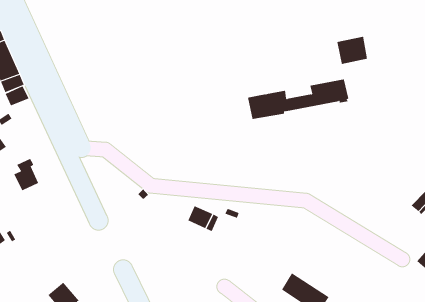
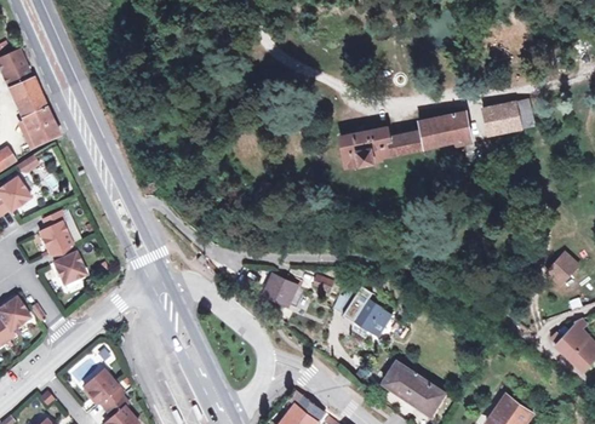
building: [337,36,368,64] -> [481,99,521,136]
building: none -> [52,246,86,286]
building: none -> [342,293,389,332]

